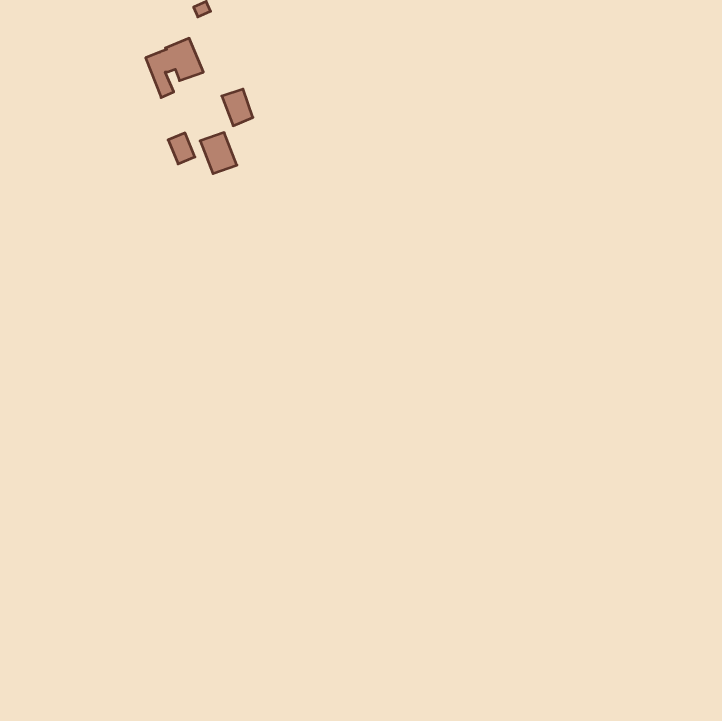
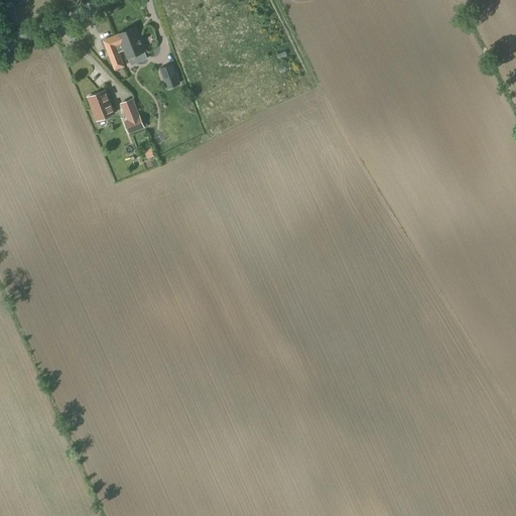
building: [200,133,237,174] -> [88,92,114,121]

